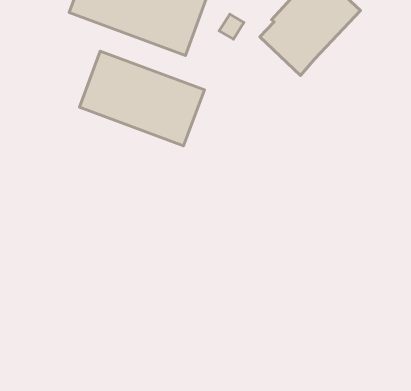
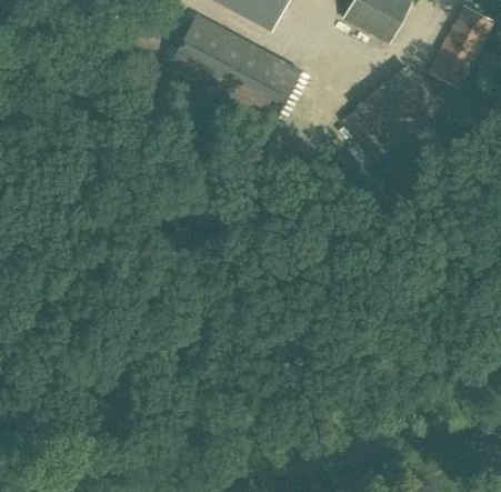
building: [79,51,204,146] -> none

